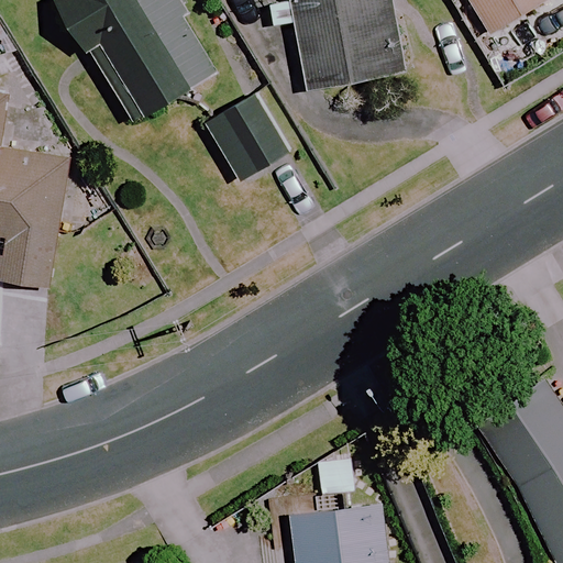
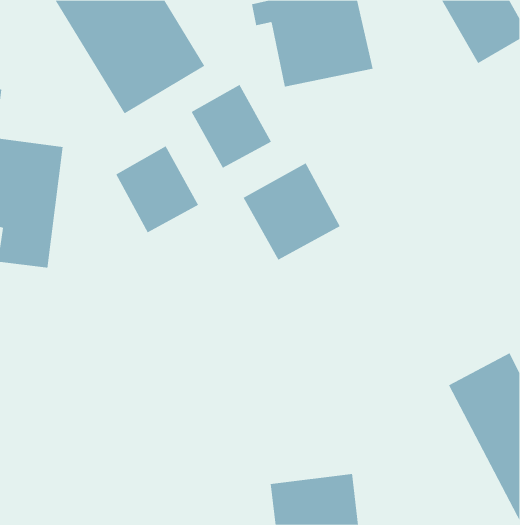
building: none -> [115,146,199,233]
building: none -> [243,163,341,260]

